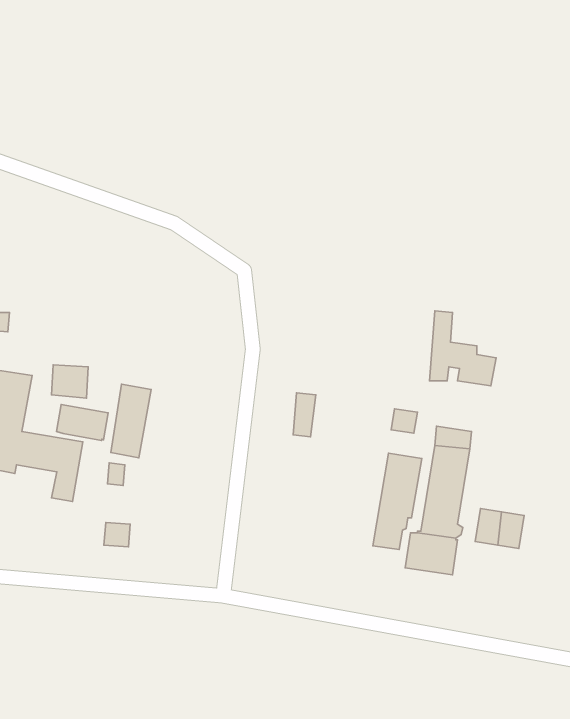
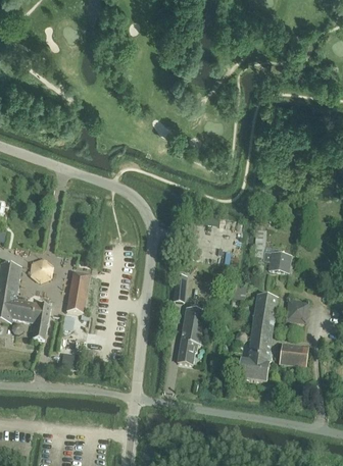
building: [57,405,108,441] -> none
building: none -> [285,298,309,322]
building: [373,453,422,549] -> [177,307,205,363]

